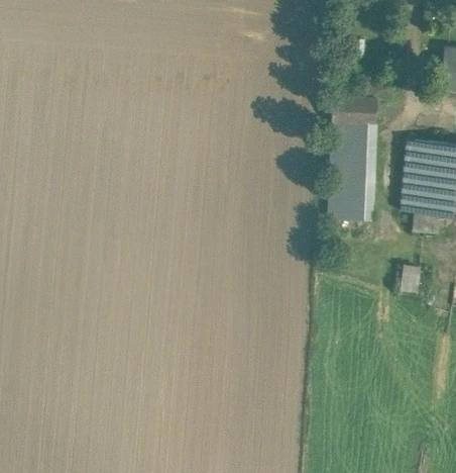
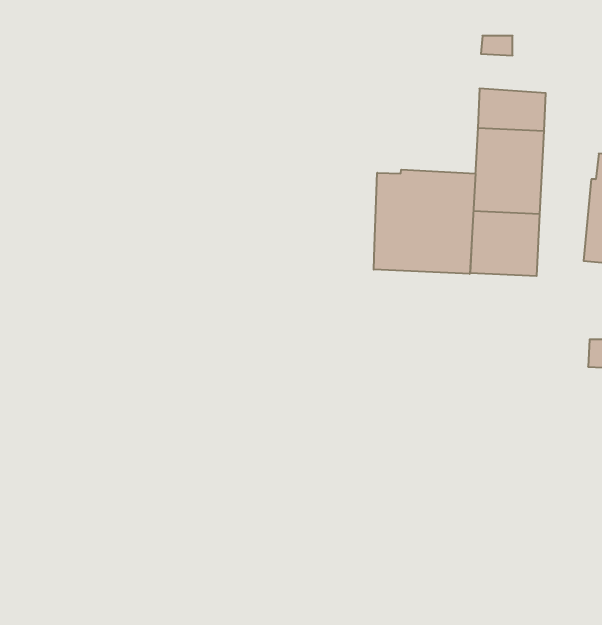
building: none -> [374,170,475,274]

